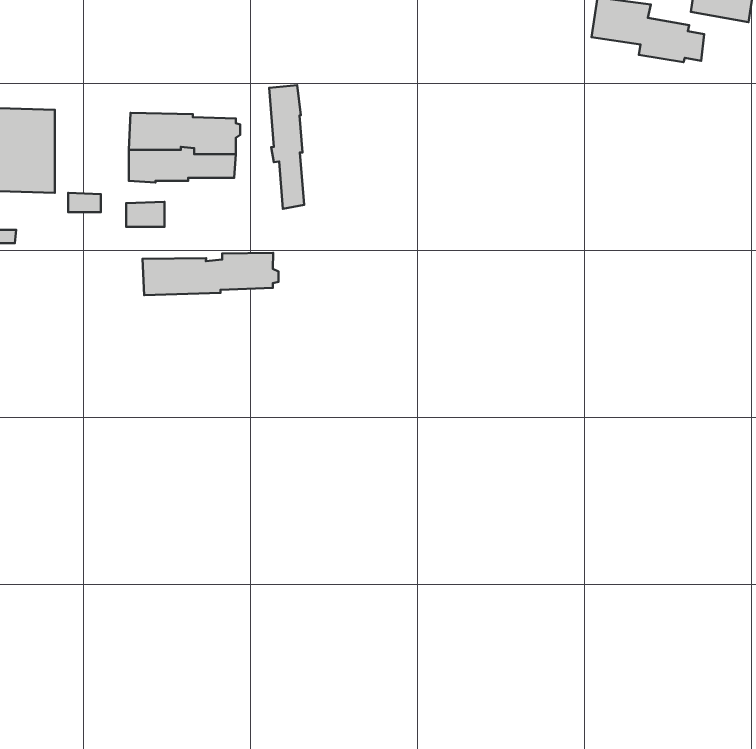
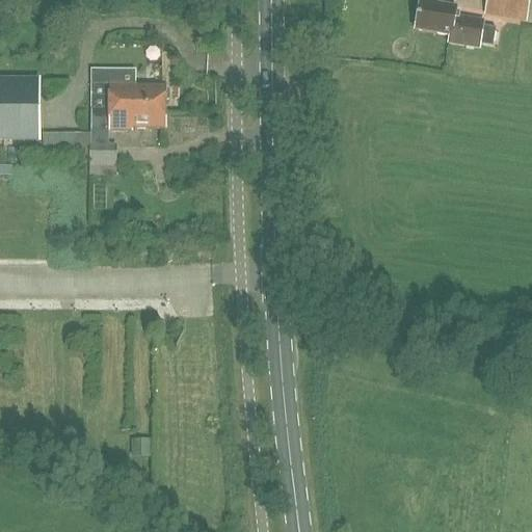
building: [269,85,304,209] -> none
building: [143,253,278,295] -> none

